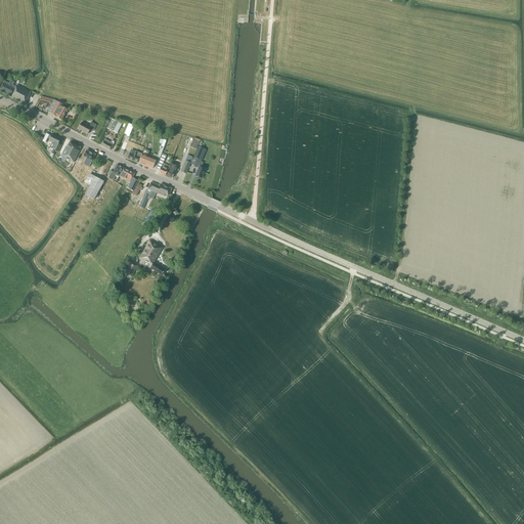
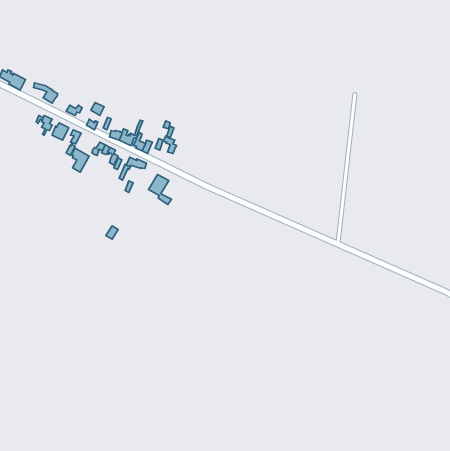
building: [138,241,165,275] -> [149,174,171,204]

